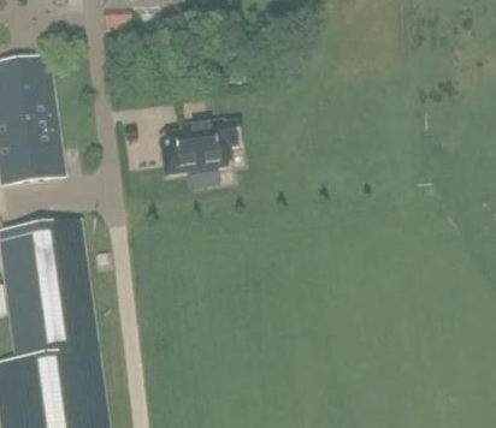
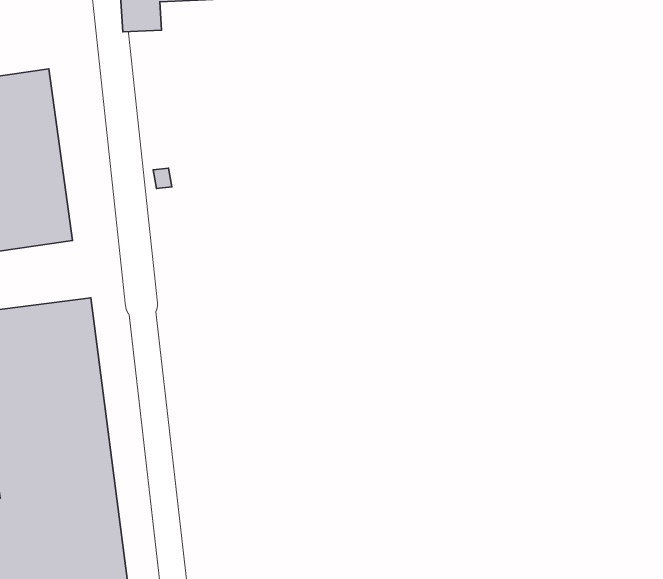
building: [158,117,241,174] -> none

